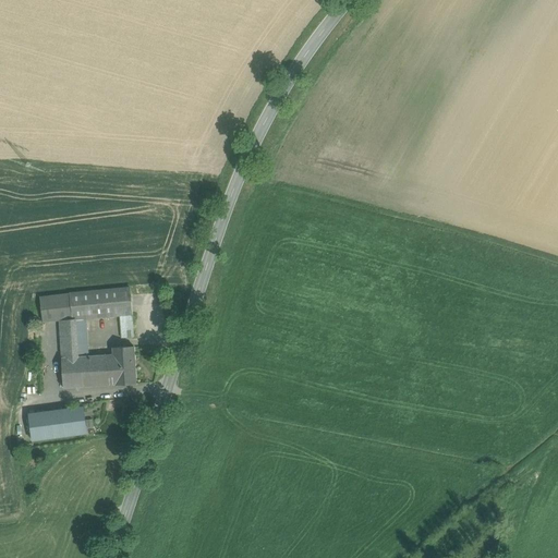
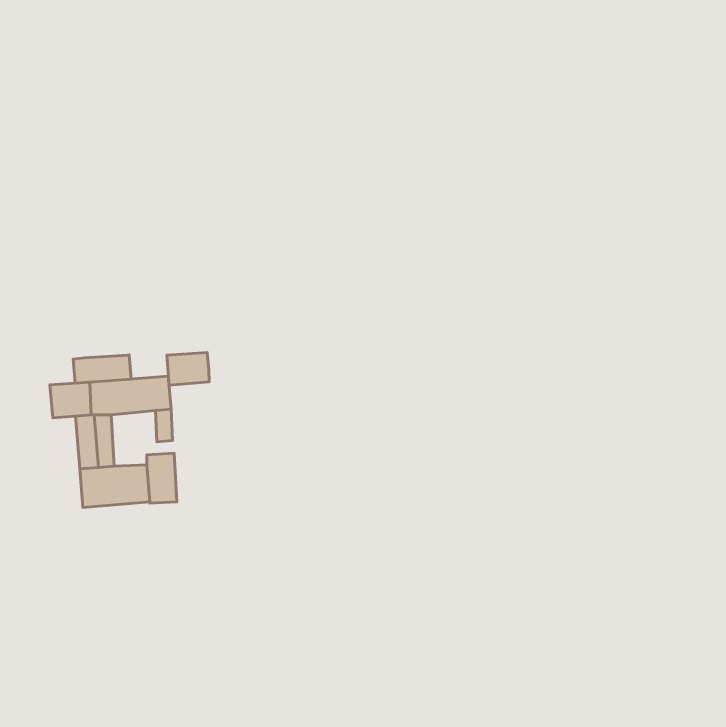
building: none -> [167,353,209,385]
building: none -> [73,355,131,383]
building: [28,407,86,440] -> none

